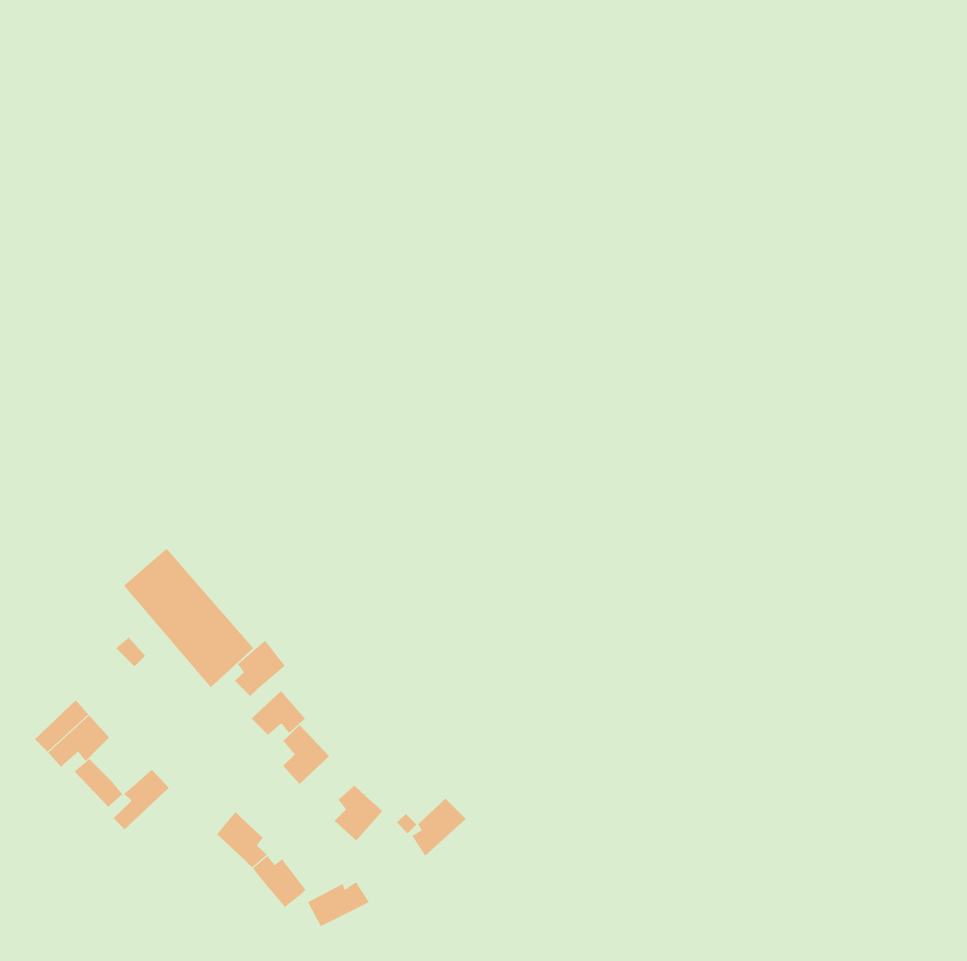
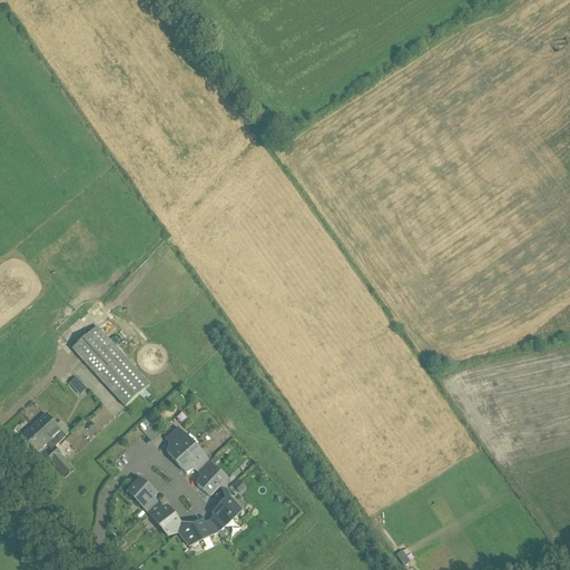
building: [234,640,285,697] -> none
building: [251,690,306,736] -> [176,444,208,471]
building: [113,769,169,830] -> none
building: [411,798,466,857] -> [209,495,242,530]

